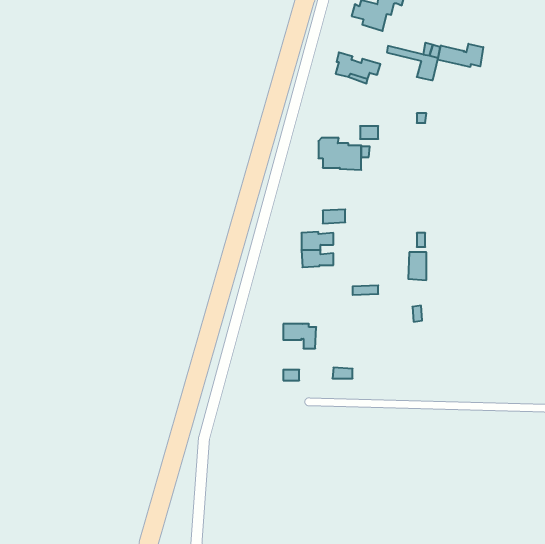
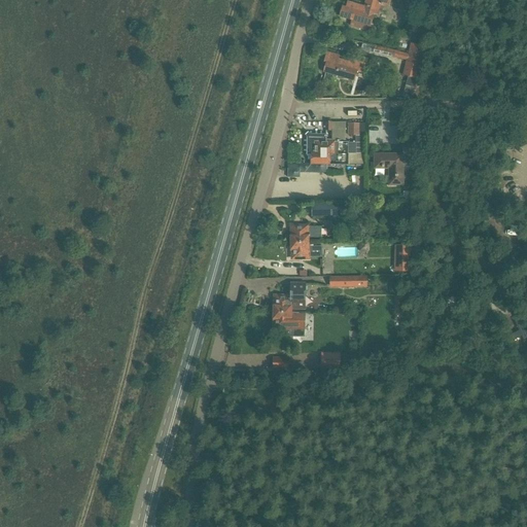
building: [438,44,483,67] -> none
building: none -> [374,152,409,184]
building: none -> [273,282,305,312]

